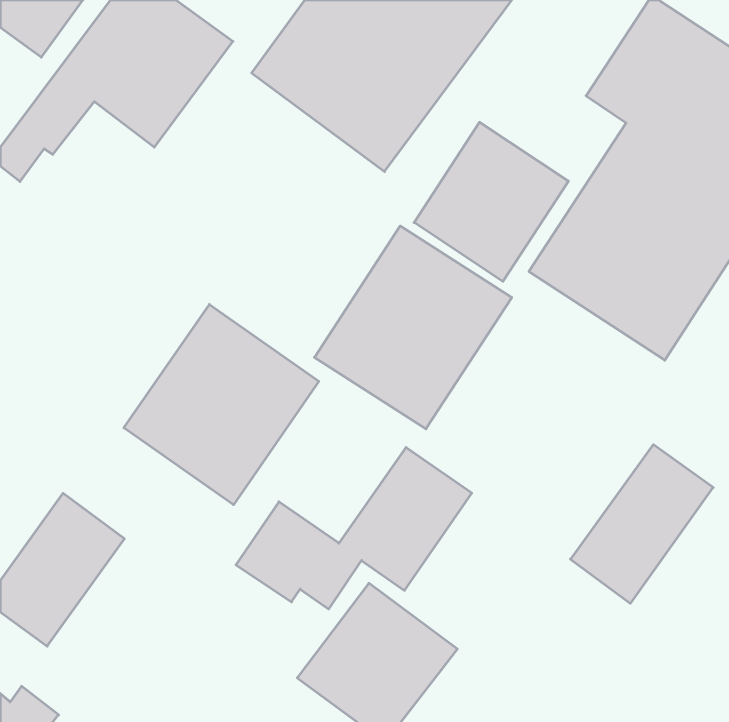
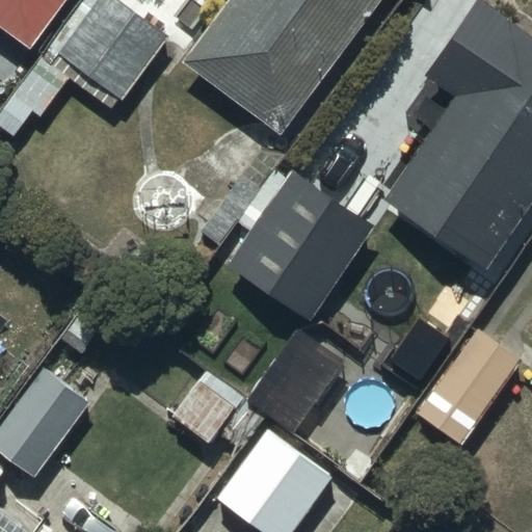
building: [414,122,568,281] -> none
building: [124,304,319,505] -> none

